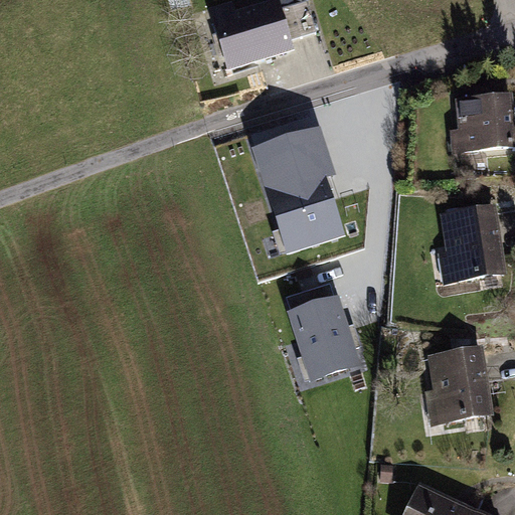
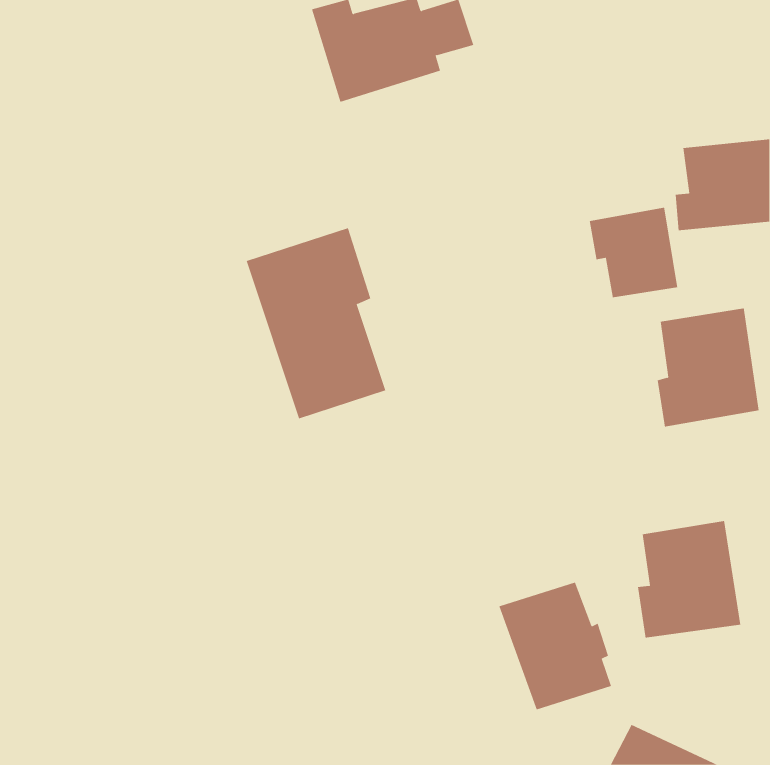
building: [250,126,344,253] -> [246,227,386,419]
building: none -> [589,207,678,298]
building: [286,295,361,380] -> [498,582,612,710]

